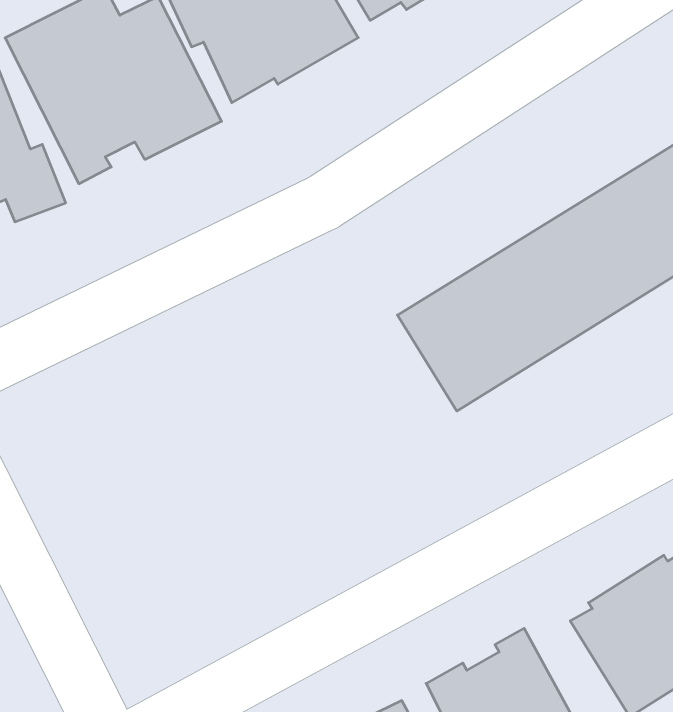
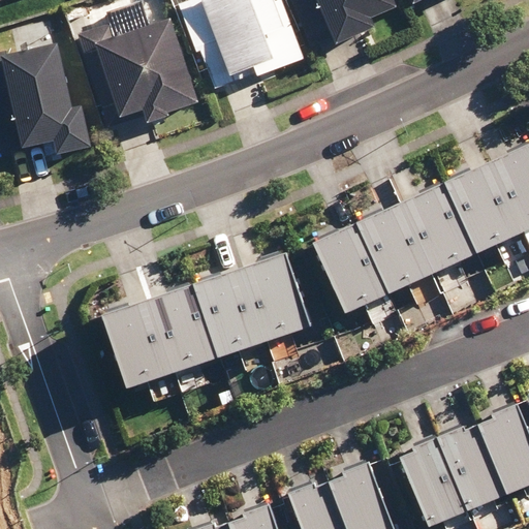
building: none -> [105,254,304,385]

